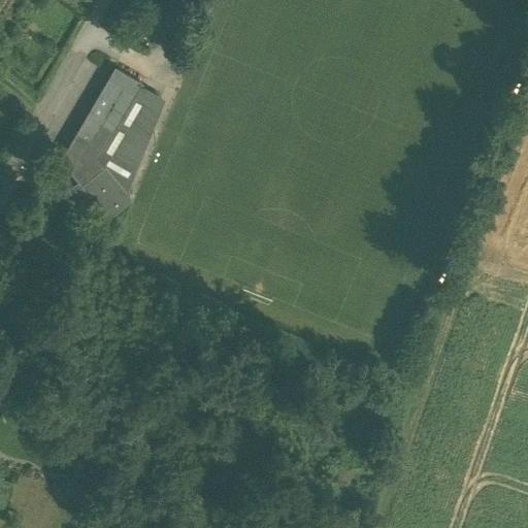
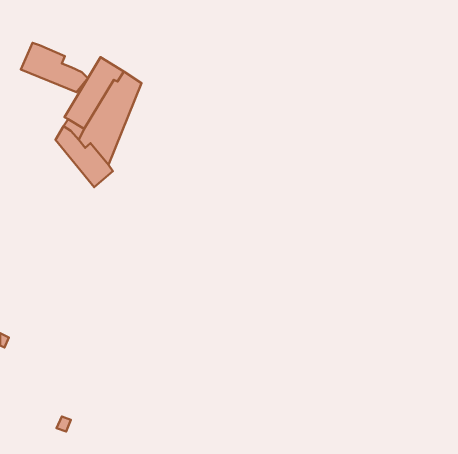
building: none -> [21,43,88,92]

